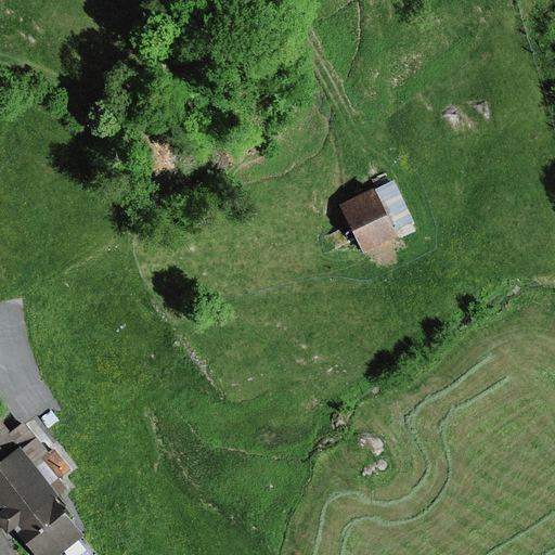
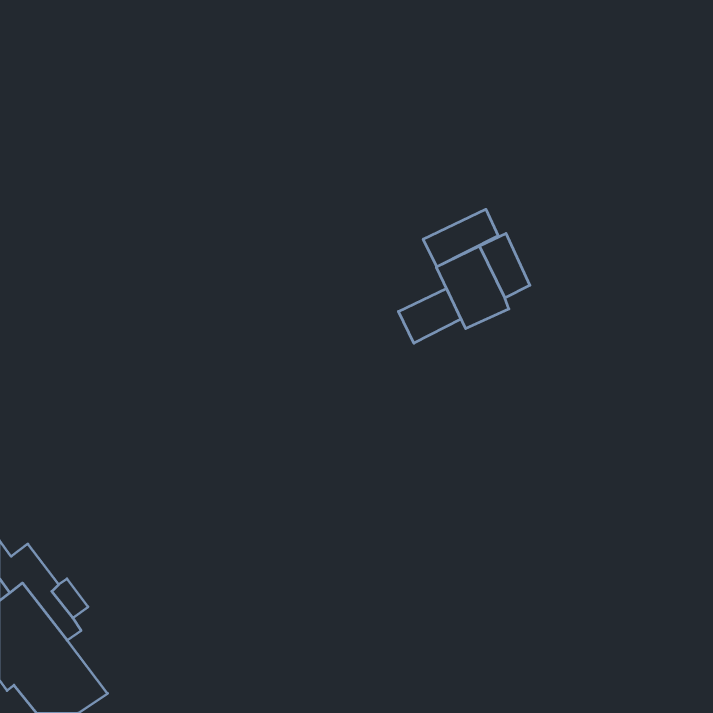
building: none -> [423,209,498,267]
building: none -> [398,289,461,343]

